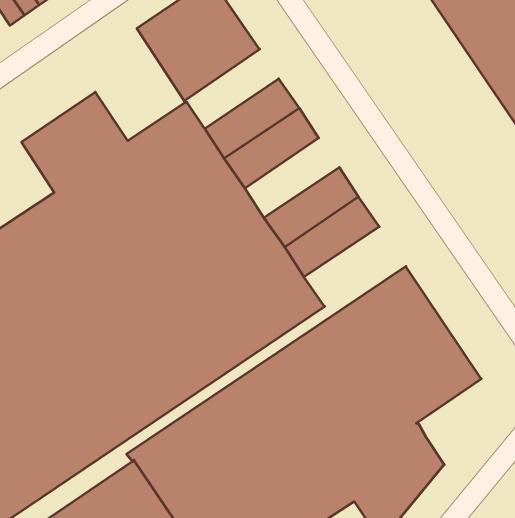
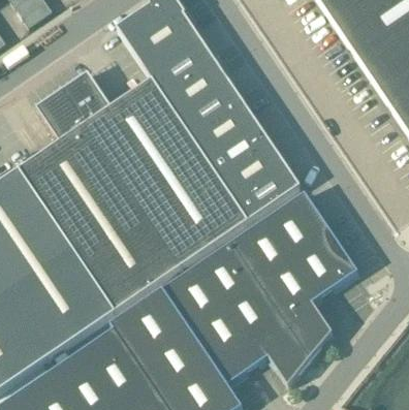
building: none -> [150,41,216,97]
building: none -> [192,103,258,159]
building: none -> [233,165,300,221]

